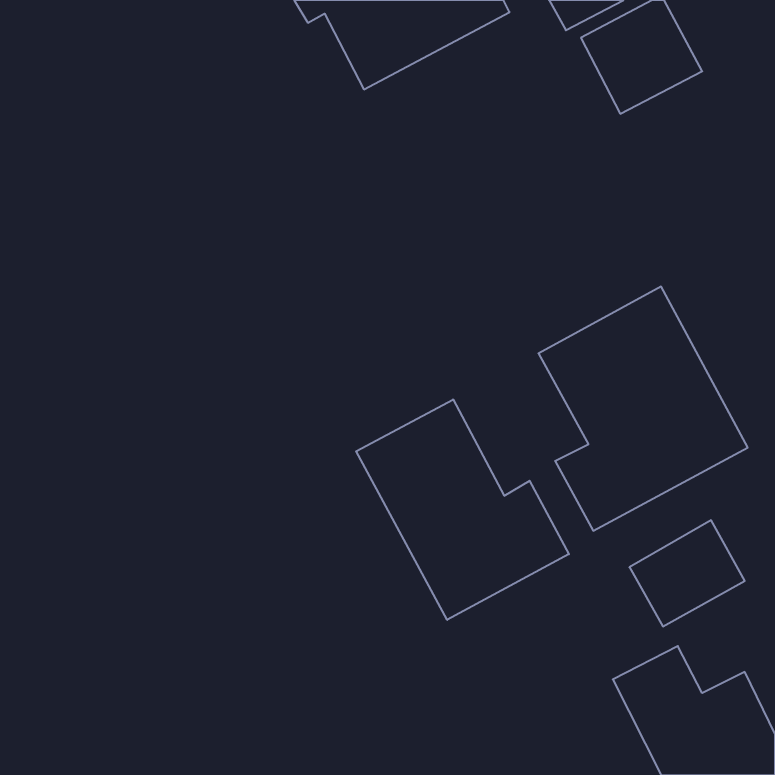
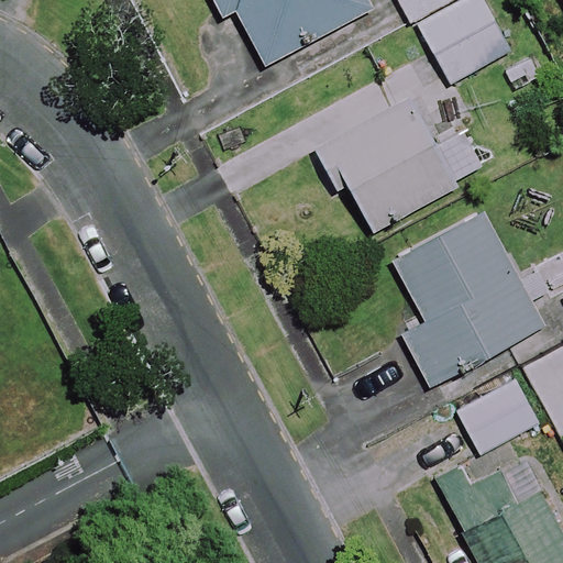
building: none -> [325,103,452,231]
building: [356,399,569,620] -> none

